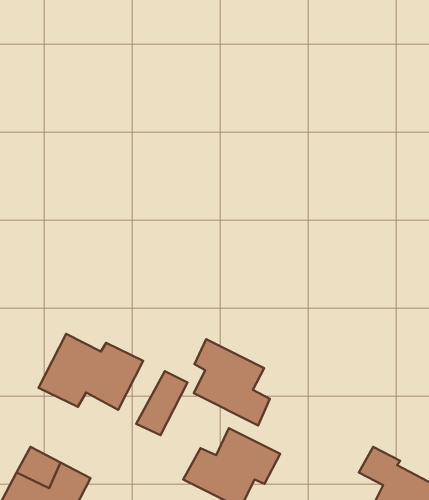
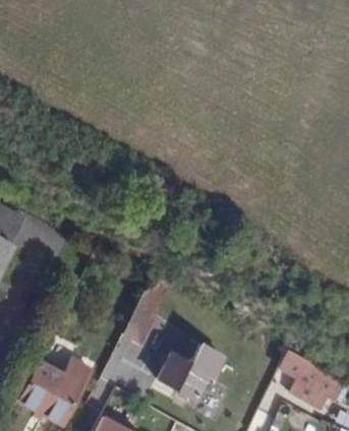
building: [38,334,143,410] -> none
building: [194,339,270,426] -> none

